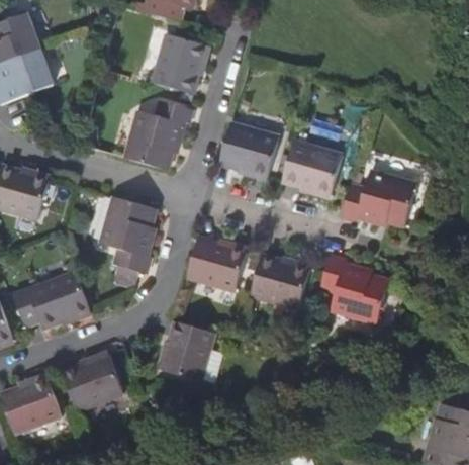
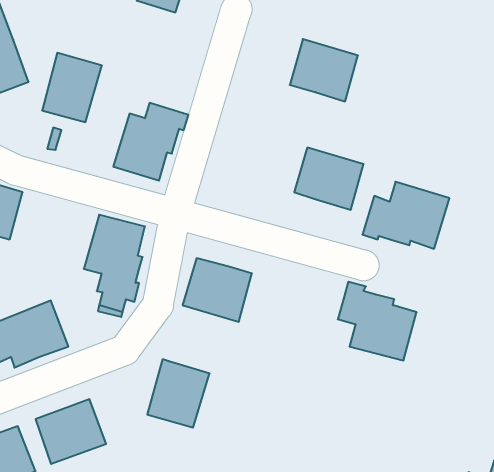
building: [155,34,206,94] -> [42,53,102,122]
building: [220,120,279,174] -> [290,39,358,101]
building: [251,253,310,307] -> none

